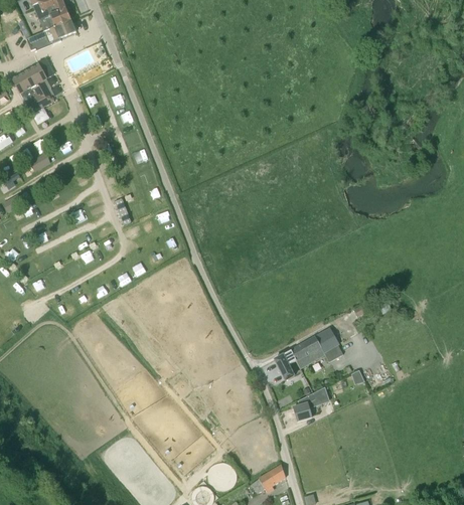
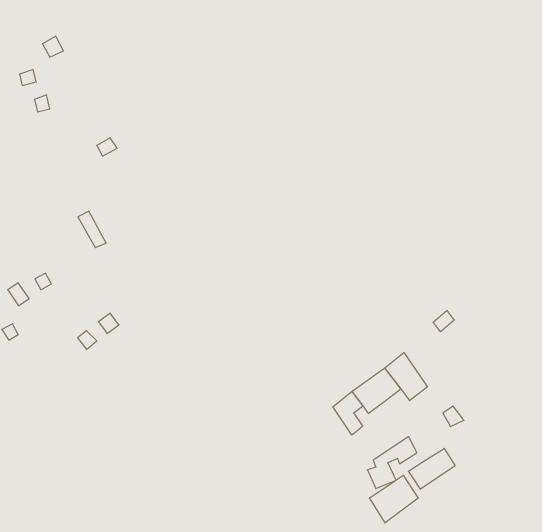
building: none -> [408,448,455,489]
building: none -> [369,475,418,523]

